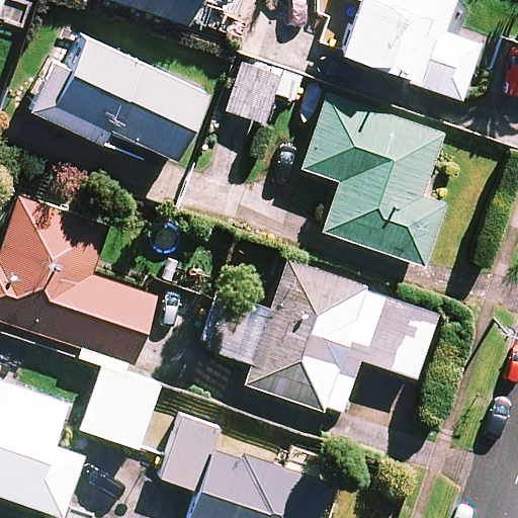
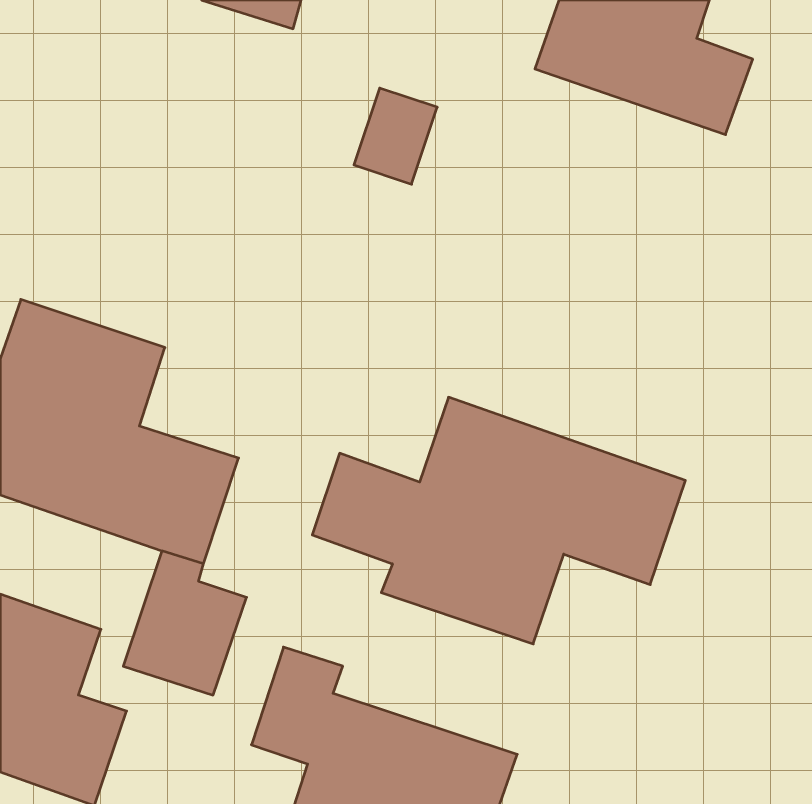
building: [31,31,207,160] -> none
building: [303,96,446,266] -> none

